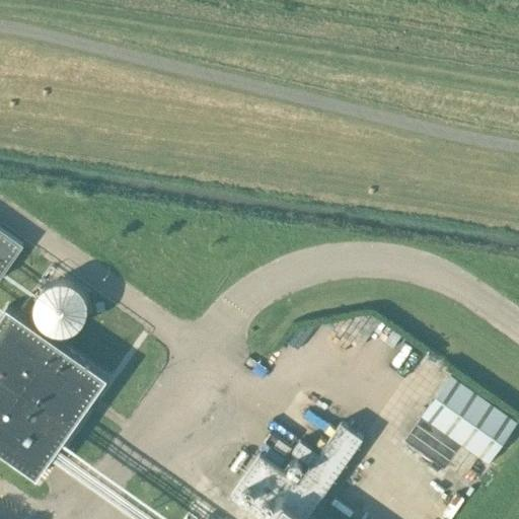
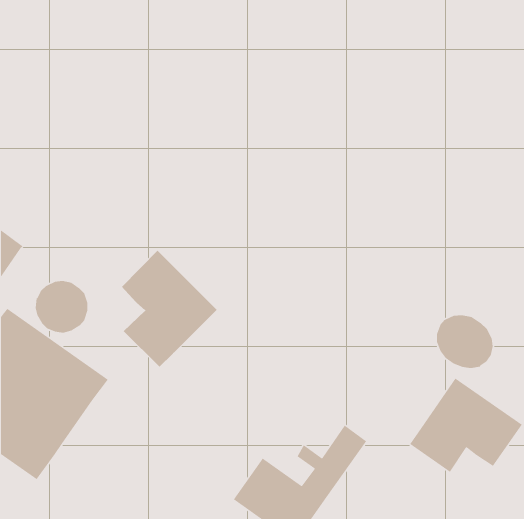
building: none -> [121,250,217,368]
building: none -> [436,314,494,369]

